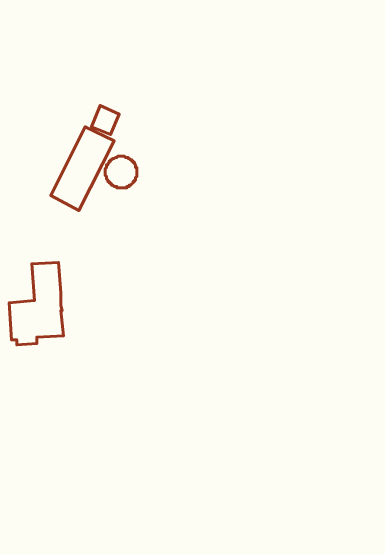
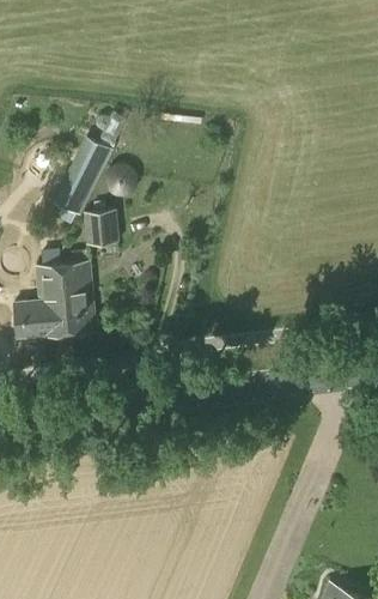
building: none -> [83,208,118,242]
building: none -> [61,260,96,333]

